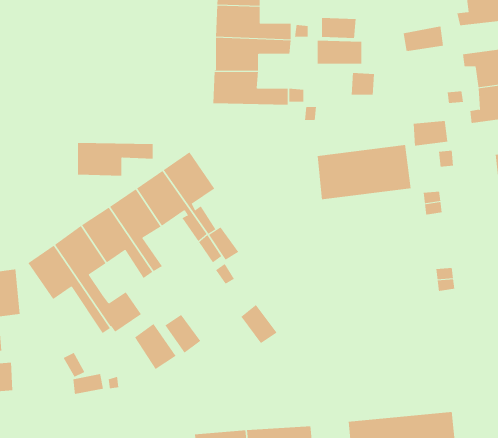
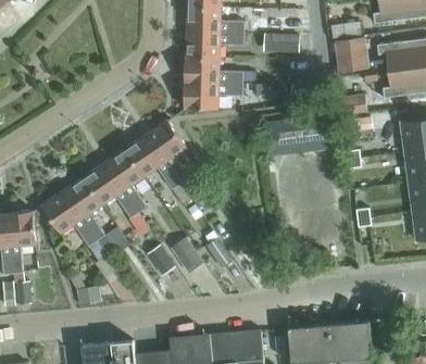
building: none -> [334,37,369,72]
building: [77,142,153,176] -> [184,83,242,109]
building: [134,323,176,370] -> [171,236,203,272]

